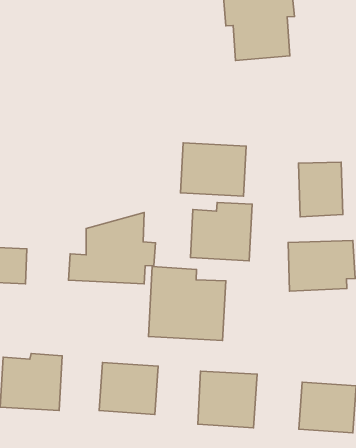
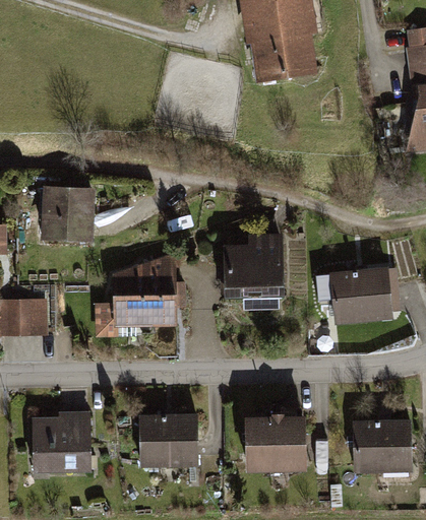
building: [181,143,246,196] -> none
building: none -> [43,185,93,241]
building: [298,162,343,217] -> none
building: [148,267,226,340] -> none

